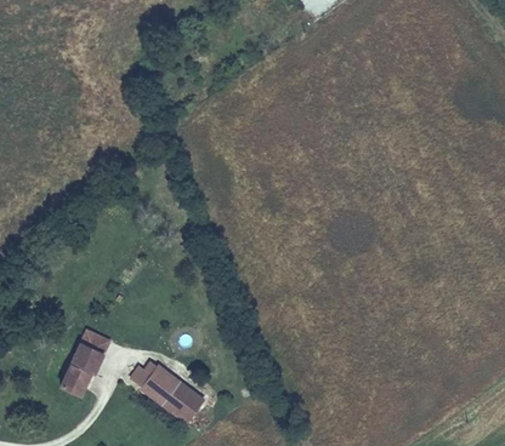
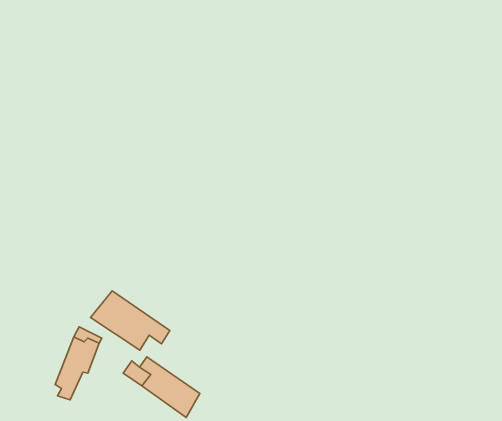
building: none -> [91,291,170,350]

